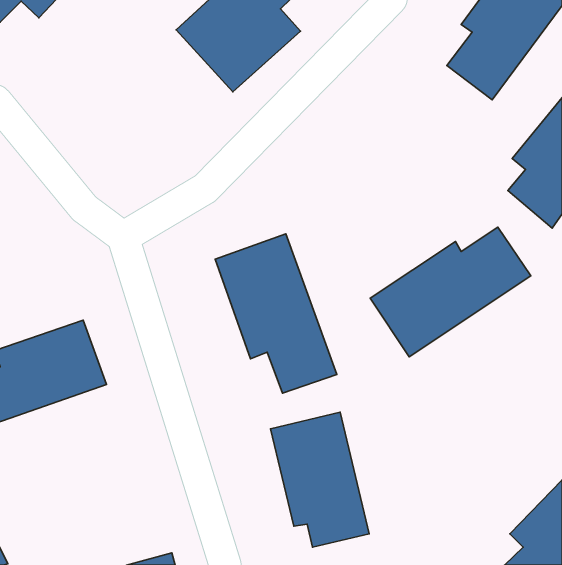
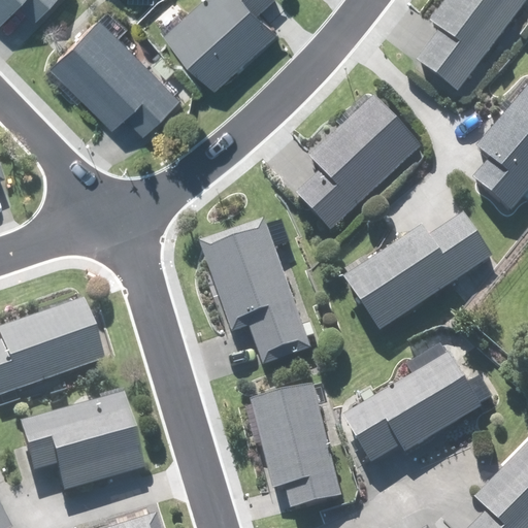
building: none -> [51,10,184,132]
building: none -> [297,95,423,231]
building: none -> [344,341,484,462]
building: none -> [19,390,142,490]

